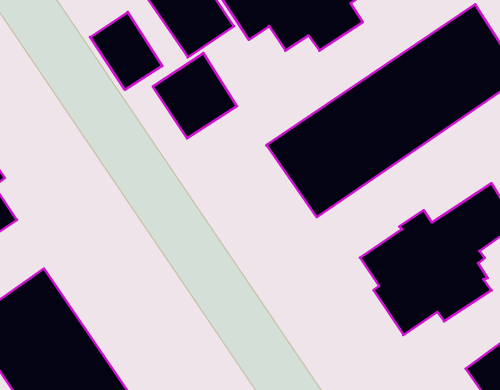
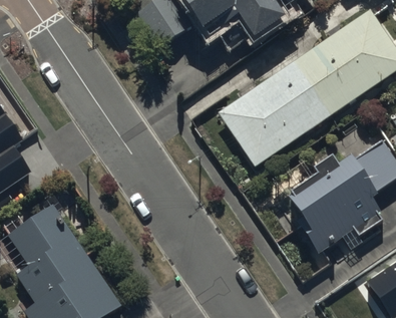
building: [90,12,162,90] -> none
building: [153,53,237,138] -> none

